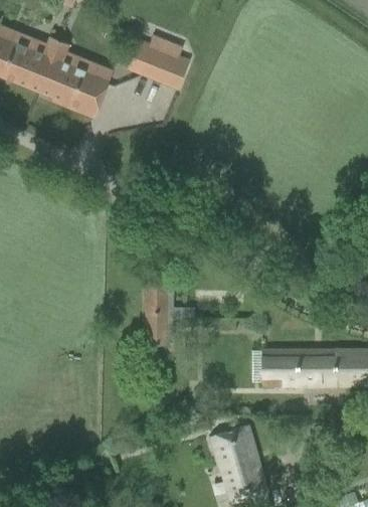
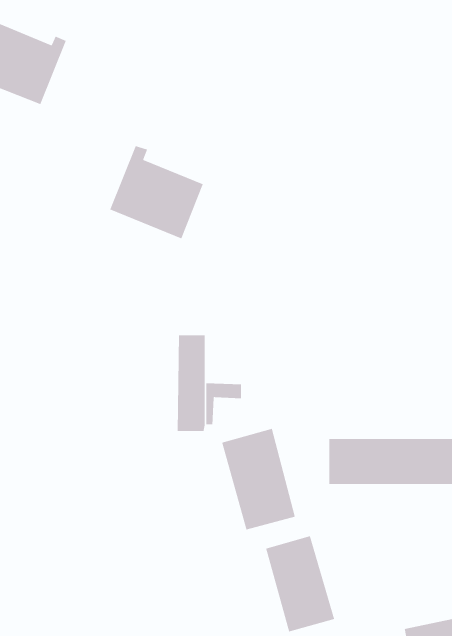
building: [38,40,112,114] -> [109,145,204,240]
building: [137,43,189,89] -> none
building: none -> [221,428,296,531]

